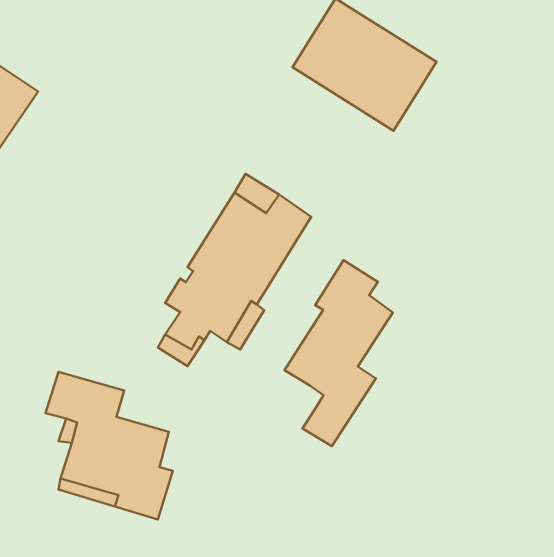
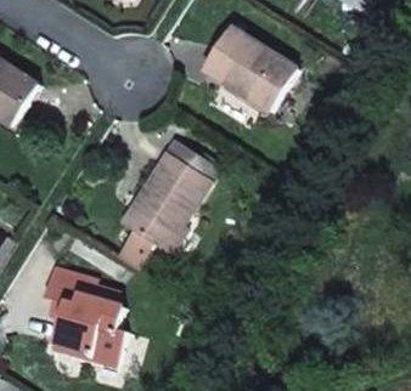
building: [284,260,393,446] -> none

